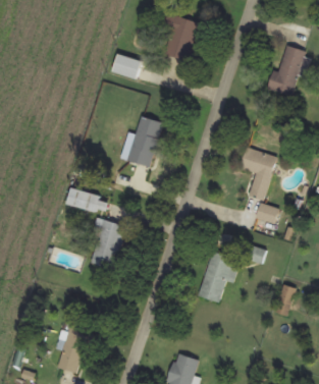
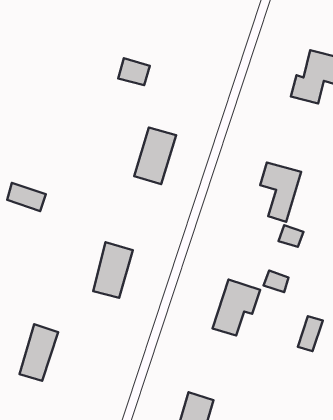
building: [162,13,199,60] -> none
building: [67,186,102,212] -> [7,183,46,211]
building: [58,322,93,373] -> [20,324,58,381]

